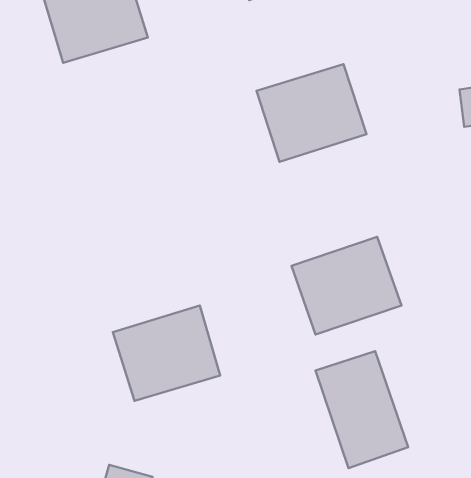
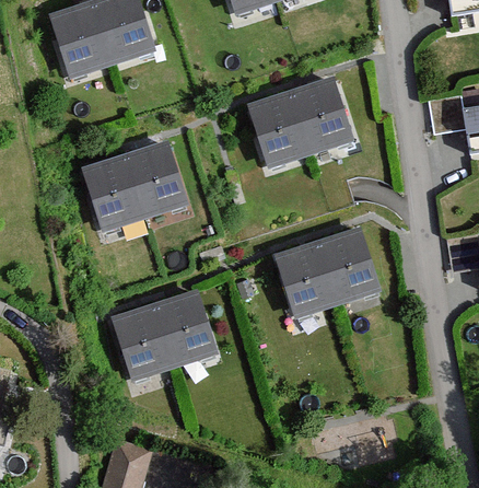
building: none -> [86,133,189,223]
building: [316,351,408,468] -> none

